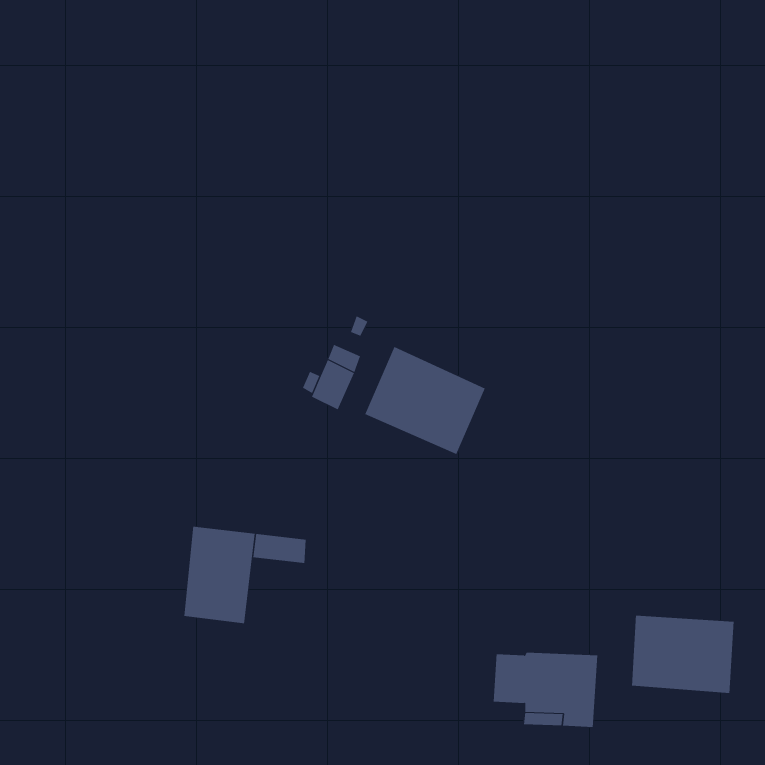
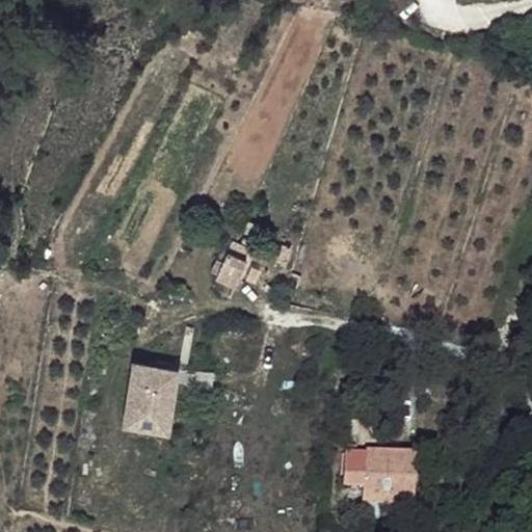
building: [364,346,485,455] -> none
building: [632,615,734,694] -> none

